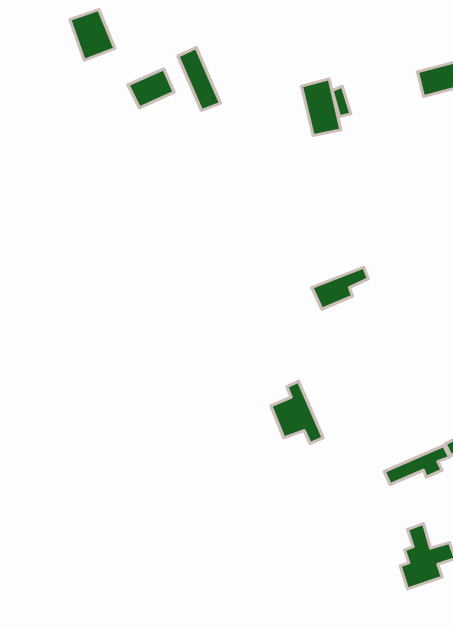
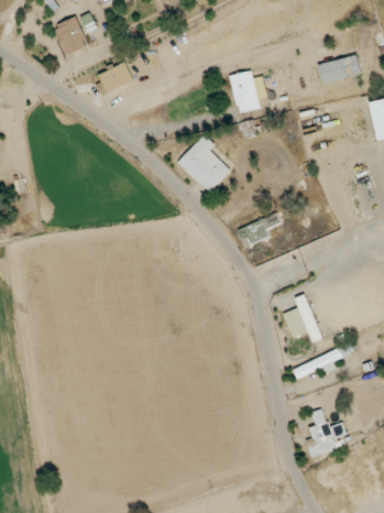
building: [178,47,221,110] -> none
building: none -> [177,134,231,193]
building: [271,381,323,443] -> [283,295,322,342]

